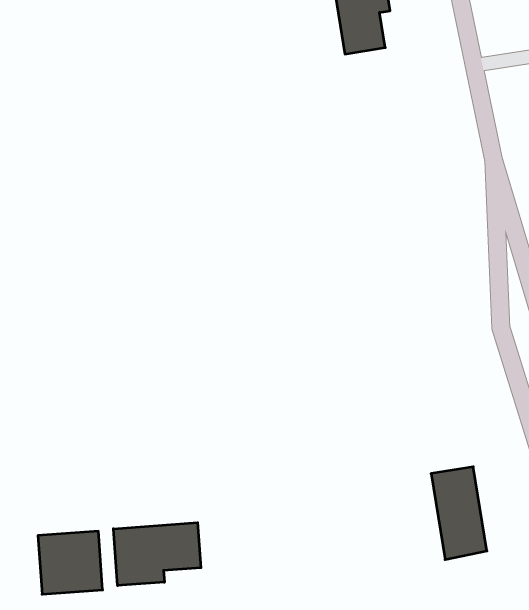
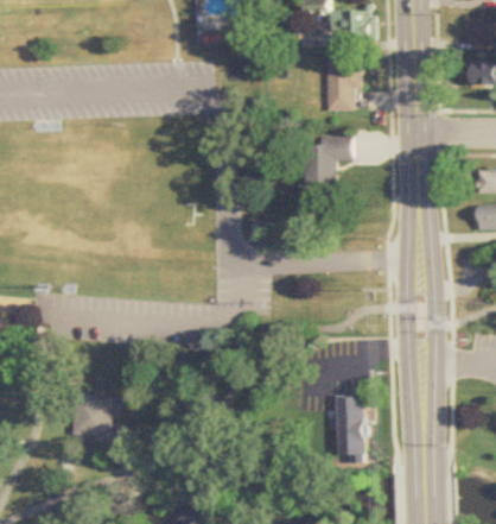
building: none -> [304,137,351,196]
building: [113,523,201,586] -> none

